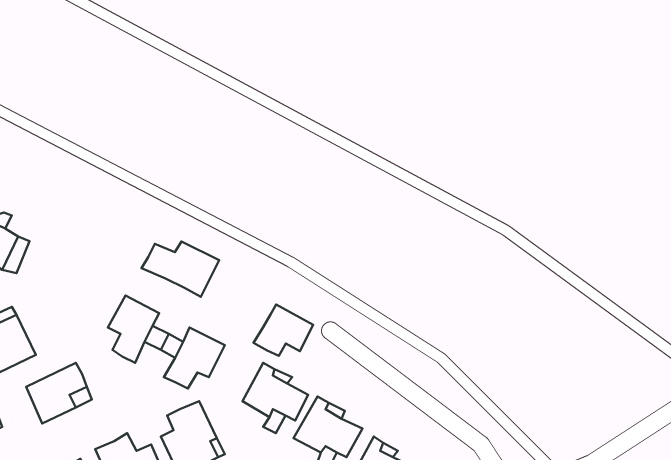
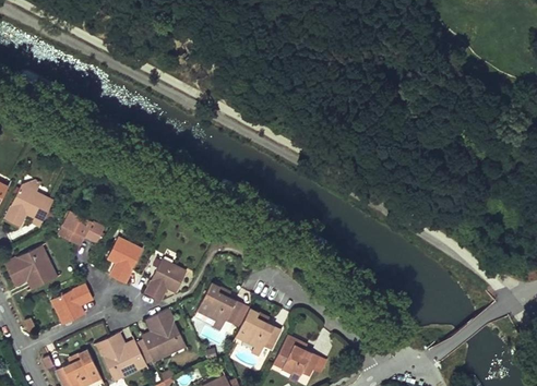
building: [142,241,219,297] -> none
building: none -> [58,212,104,246]
building: [253,305,313,356] -> none

